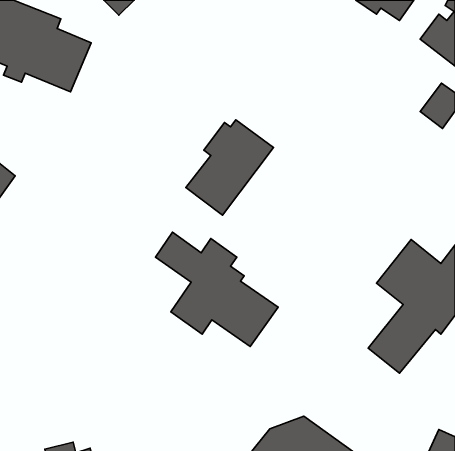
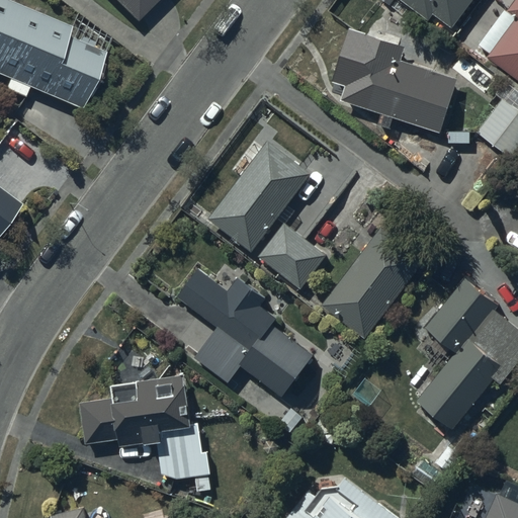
building: none -> [342,31,457,131]
building: none -> [257,225,326,291]
building: none -> [322,226,426,339]
building: none -> [82,375,211,492]

